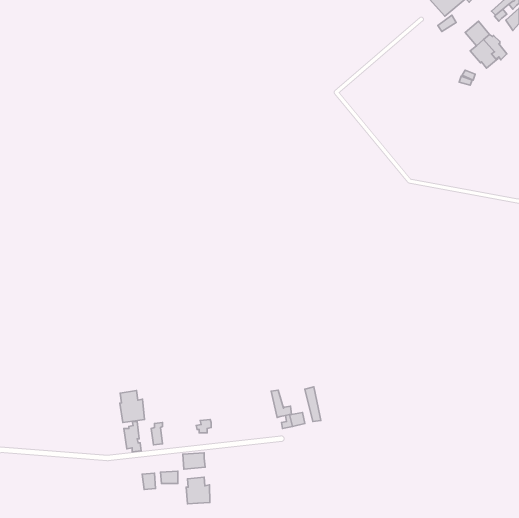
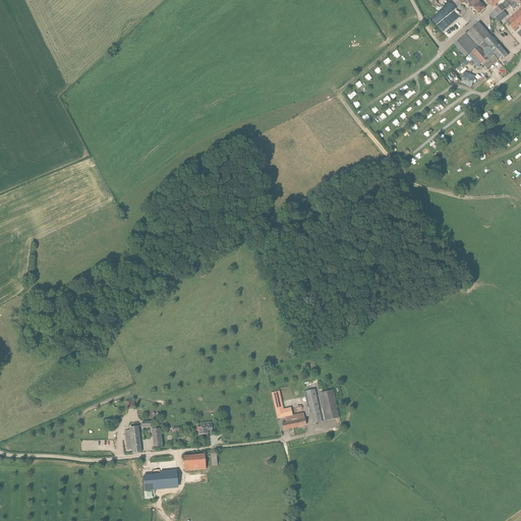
building: none -> [320,389,340,420]
building: [120,390,144,423] -> none
building: [186,477,210,504] -> none

